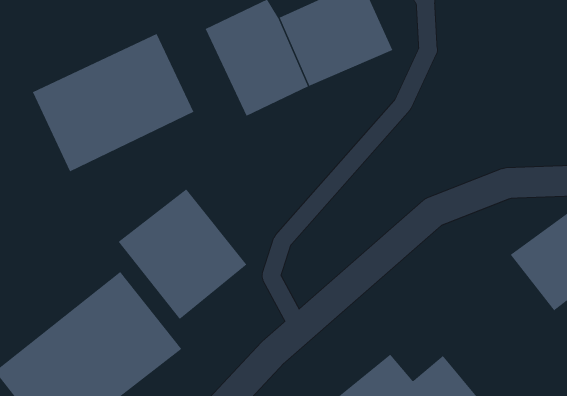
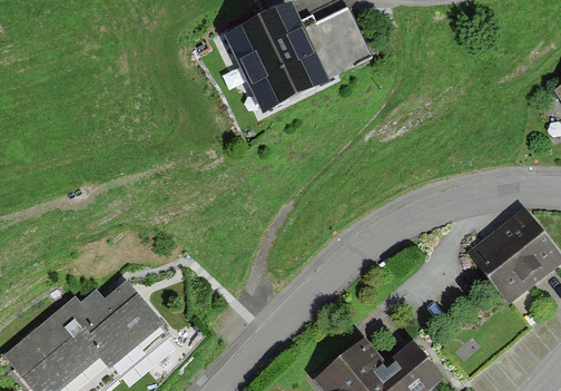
building: [32,33,194,172] -> none
building: [118,189,247,320] -> none

